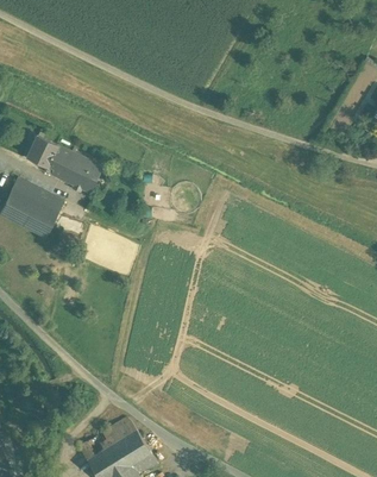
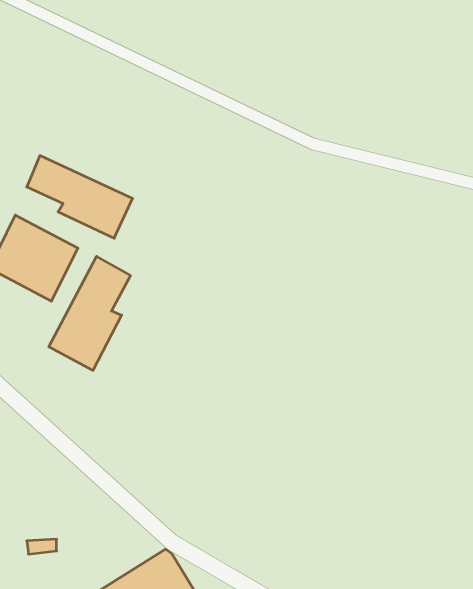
building: none -> [49,256,130,370]

